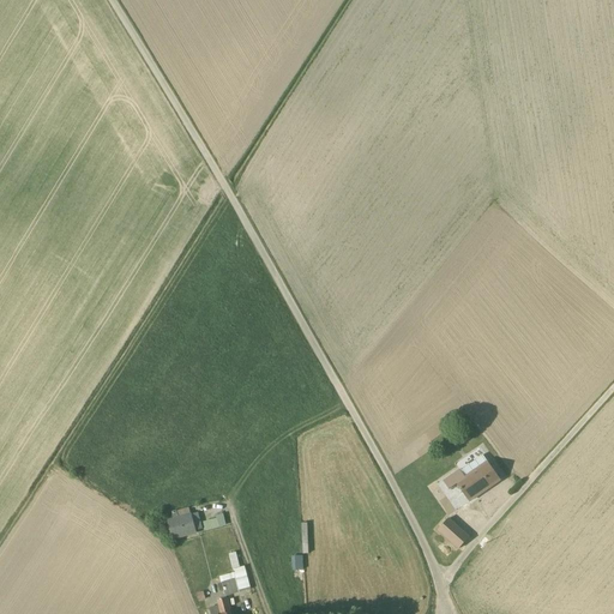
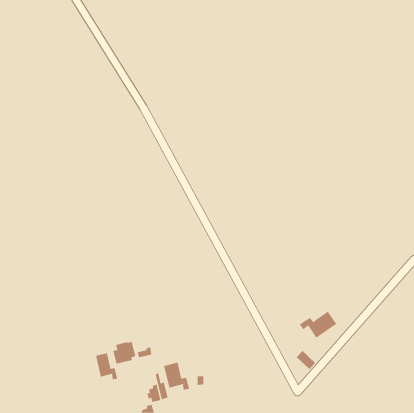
building: none -> [95,352,118,380]
building: none -> [163,362,190,391]

